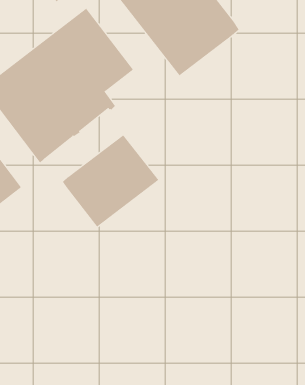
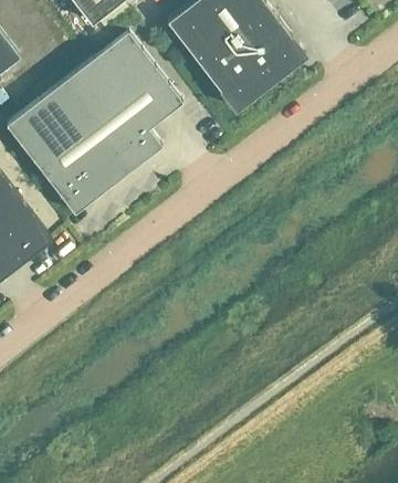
building: [62,134,159,228] -> none

